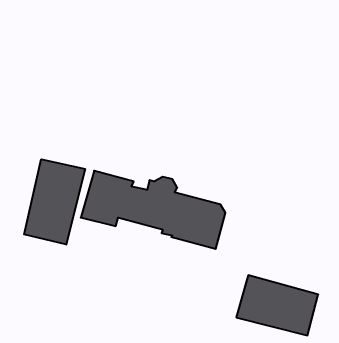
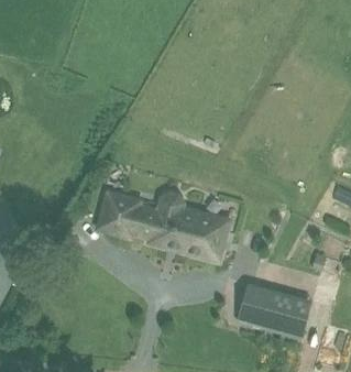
building: [24,159,85,245] -> none

